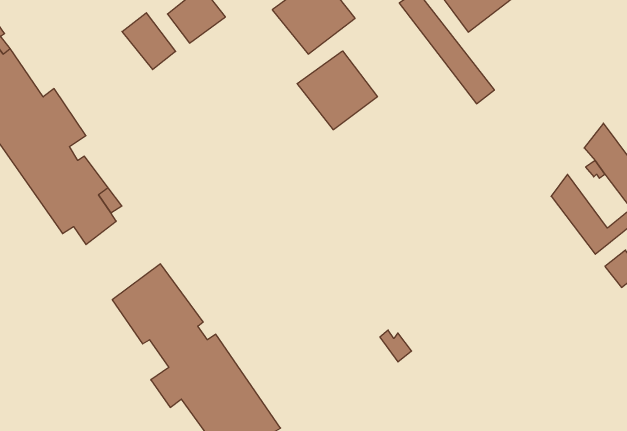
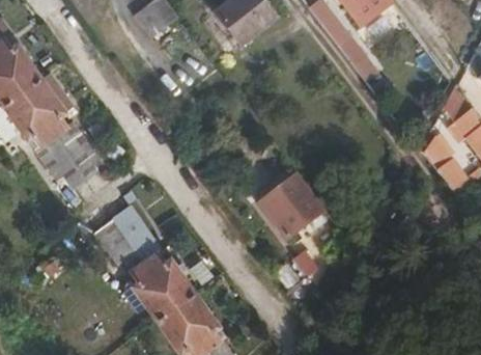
building: [122,13,176,70] -> none
building: [297,51,377,130] -> none
building: none -> [257,174,323,240]

